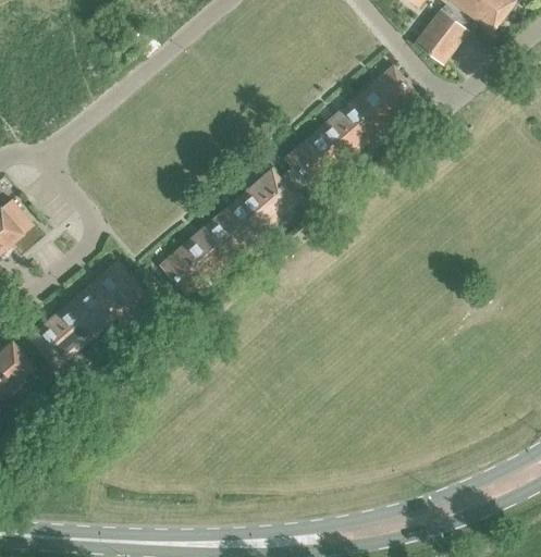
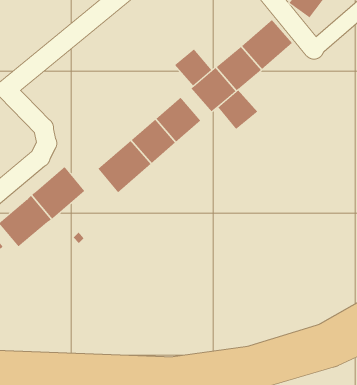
building: none -> [174,48,212,86]
building: none -> [217,89,258,130]

